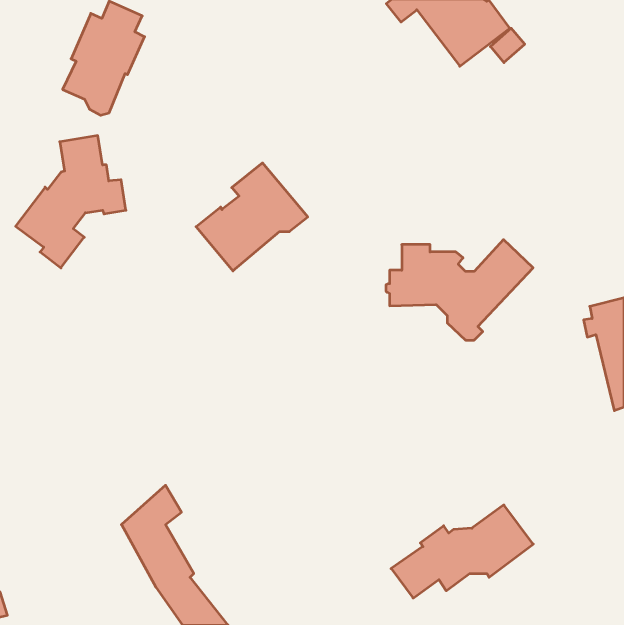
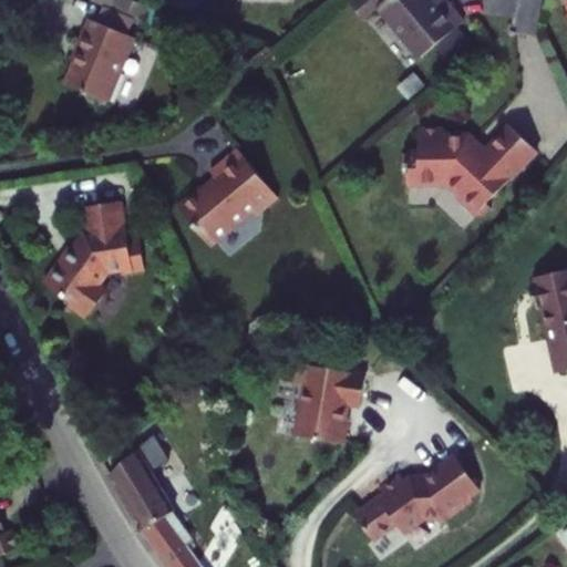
building: [16,136,126,268] -> [44,199,144,319]
building: [386,240,533,340] -> [405,126,538,217]
building: none -> [296,363,367,444]

